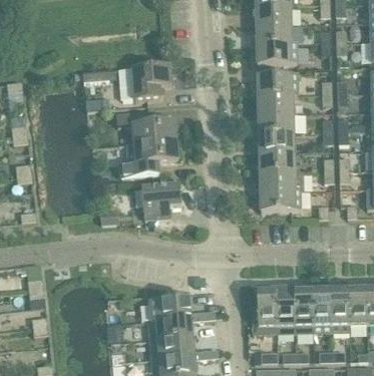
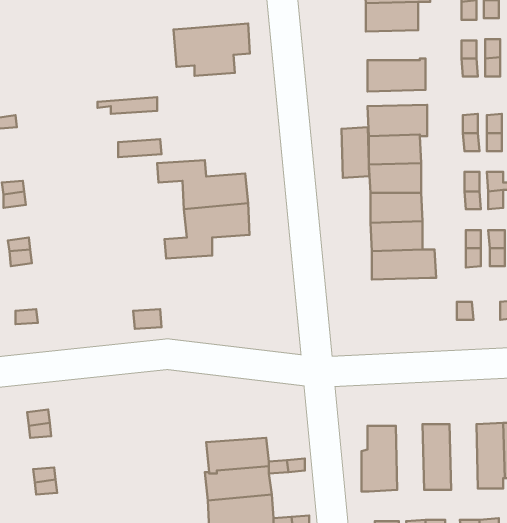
building: [256,22,292,42] -> none
building: [120,63,171,98] -> [174,24,250,76]
building: none -> [341,127,369,178]
building: [140,182,181,218] -> none
building: [260,189,300,210] -> none
building: [276,287,295,331] -> none
building: [312,287,331,331] -> none

